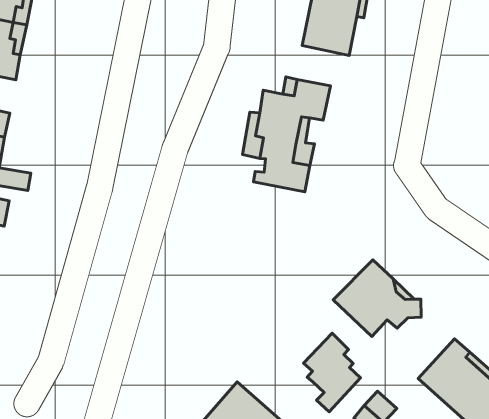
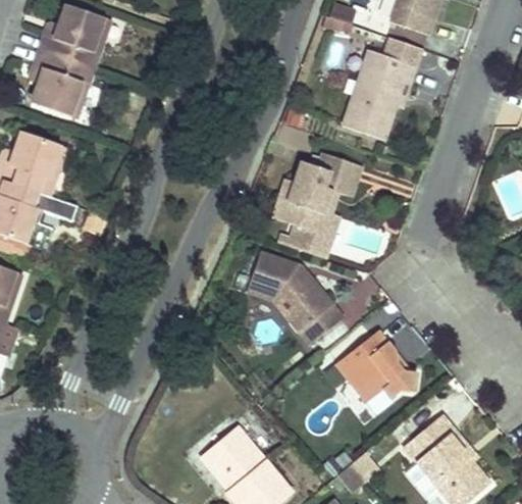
building: none -> [248,251,345,344]
building: [304,333,360,412] -> none

